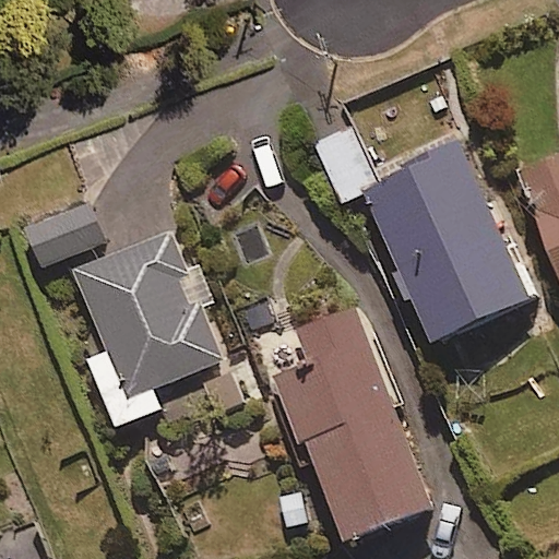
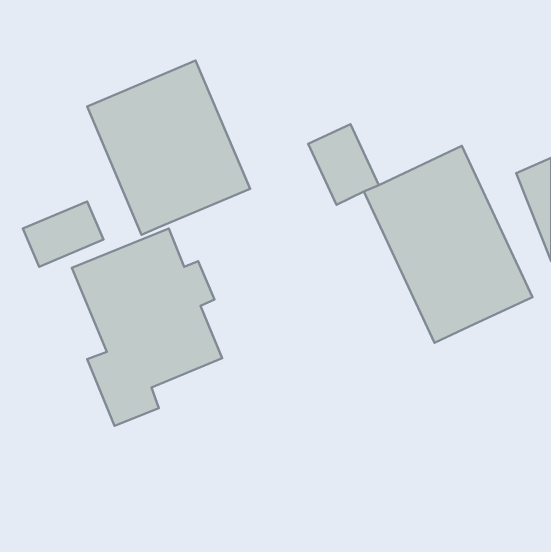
building: none -> [87,61,250,235]
building: [270,306,431,545] -> none

